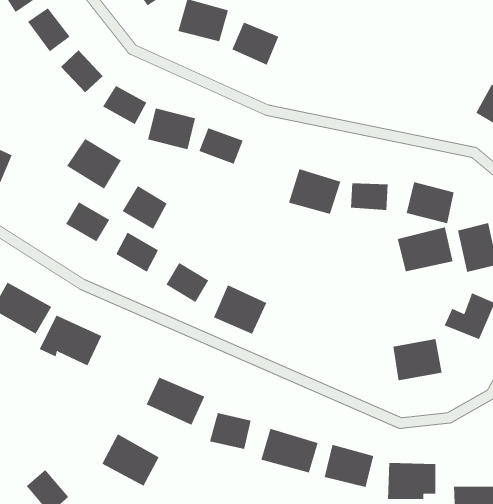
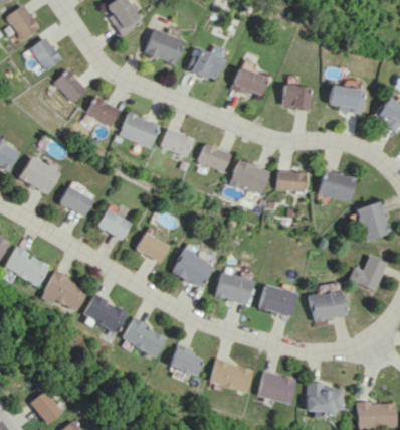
building: none -> [229,67,262,97]
building: none -> [278,85,305,109]
building: none -> [326,86,362,114]
building: [66,138,122,190] -> [18,156,60,195]
building: none -> [198,144,230,171]
building: [122,185,167,230] -> none
building: [397,227,453,272] -> none
building: none -> [215,272,253,305]
building: none -> [258,284,297,317]
building: [102,434,160,486] -> [82,294,127,334]

